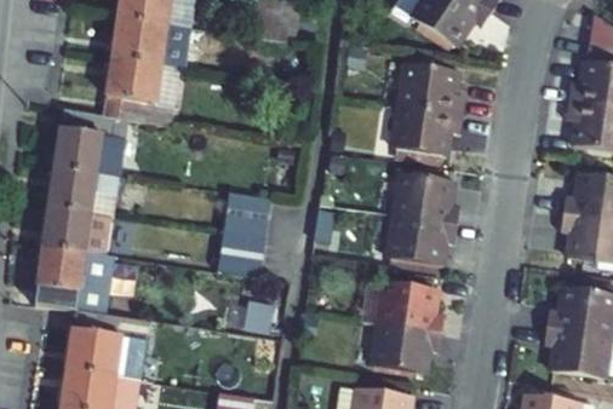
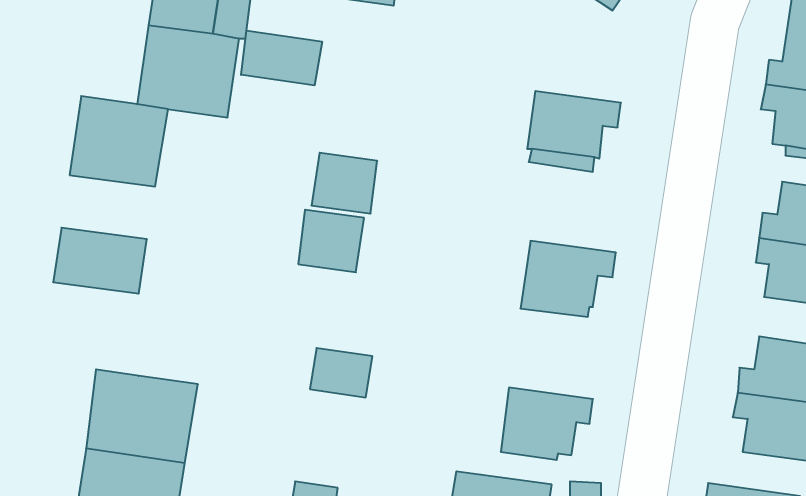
building: none -> [241,31,322,85]
building: [397,63,463,114] -> none
building: [48,167,118,214] -> none
building: [394,173,459,224] -> none
building: [217,232,265,277] -> [311,153,377,214]
building: [34,246,114,315] -> none
building: [361,278,442,332] -> none

